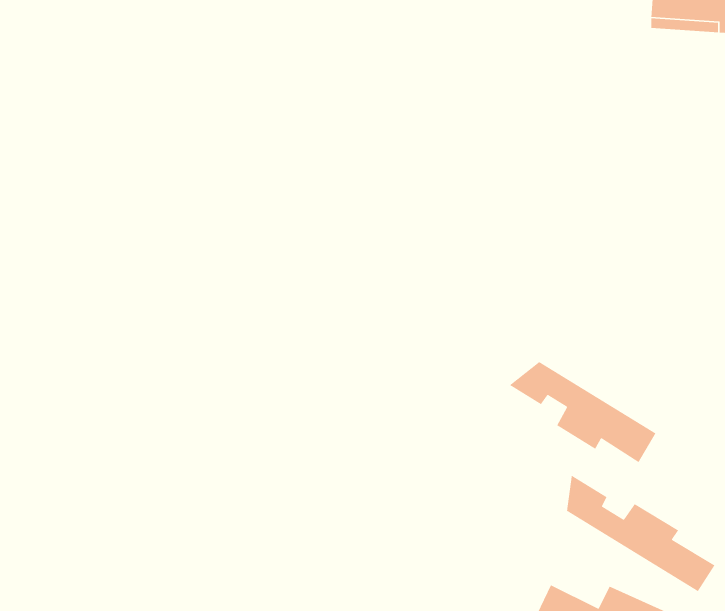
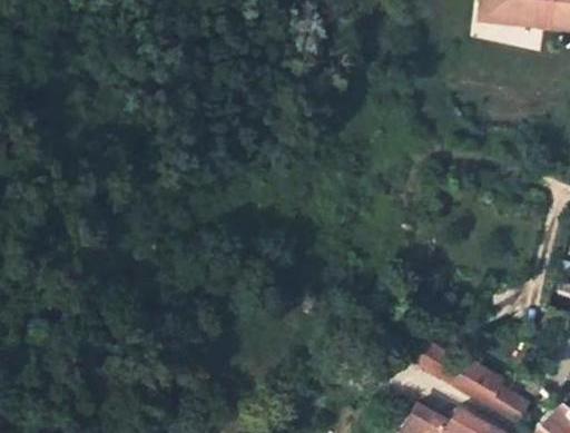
building: [509,361,657,463] -> none

